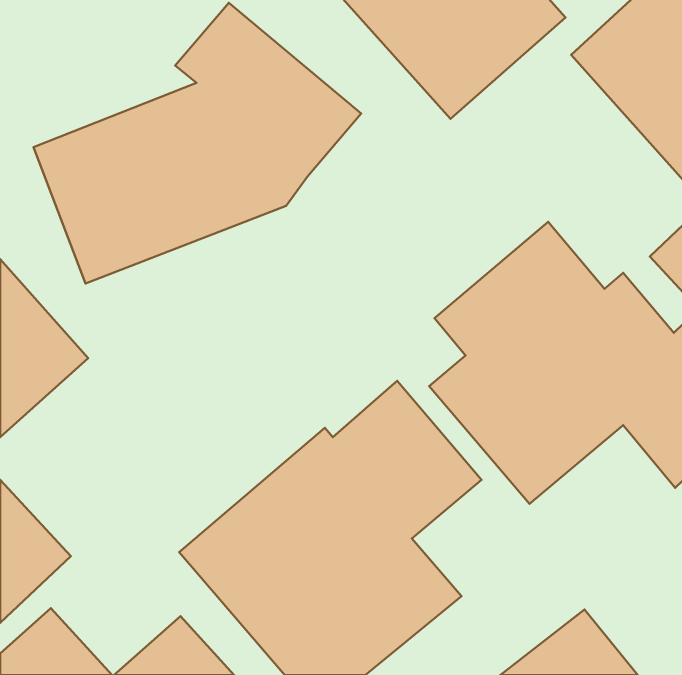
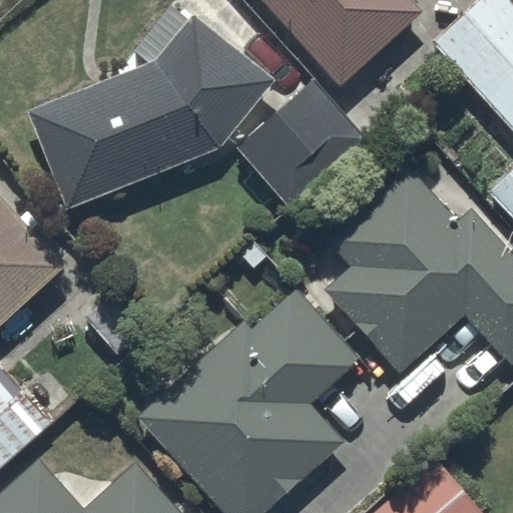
building: none -> [233,81,367,211]

